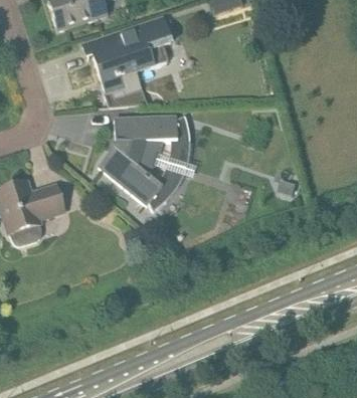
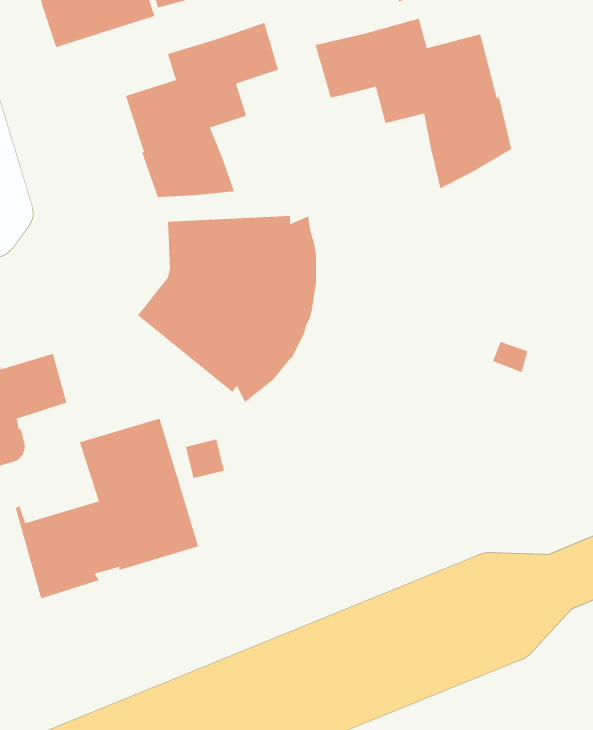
building: none -> [315,18,512,189]
building: none -> [15,418,199,599]

